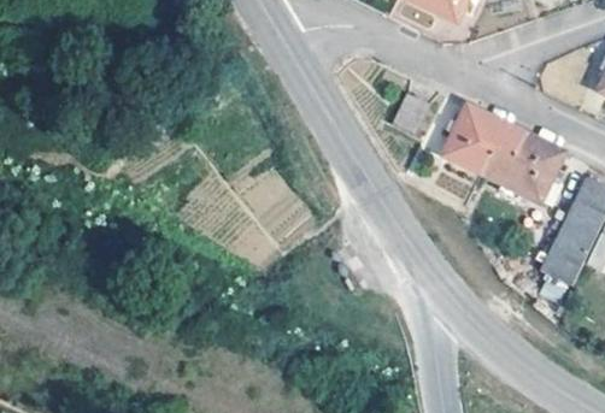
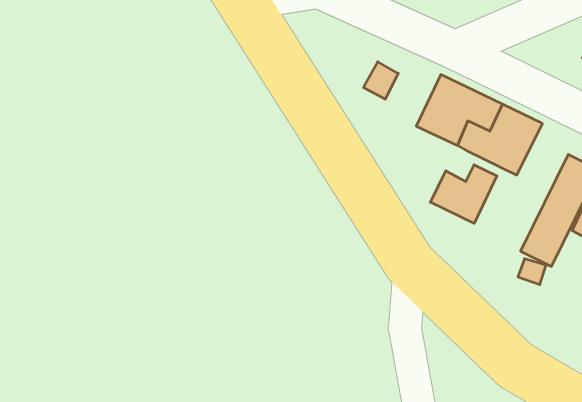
building: none -> [430,165,497,223]

